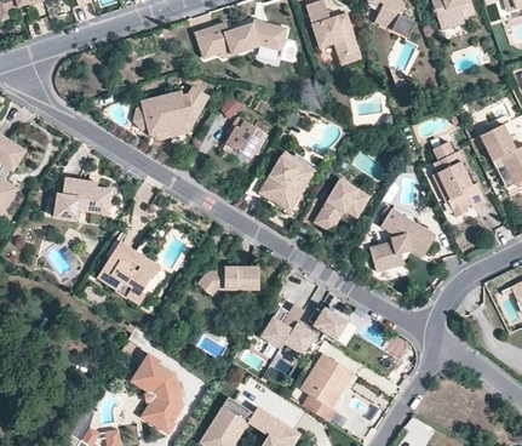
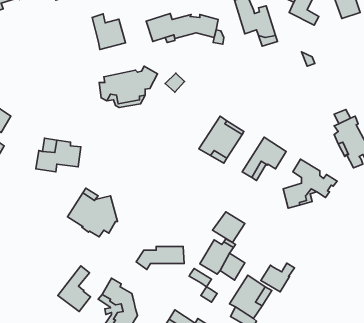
building: none -> [92,14,125,50]
building: [224,116,265,158] -> none
building: [200,268,260,297] -> [136,246,184,269]
building: [315,305,357,342] -> [261,263,294,292]
building: none -> [58,266,91,311]

